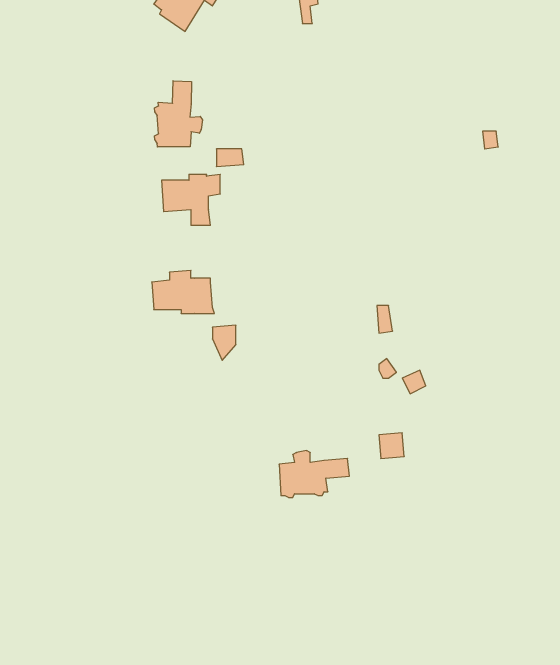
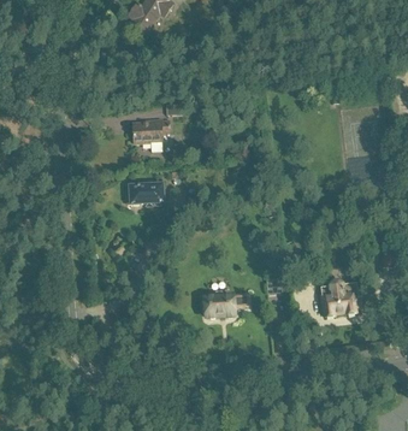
building: [155,81,202,147] -> none
building: none -> [320,281,361,314]

